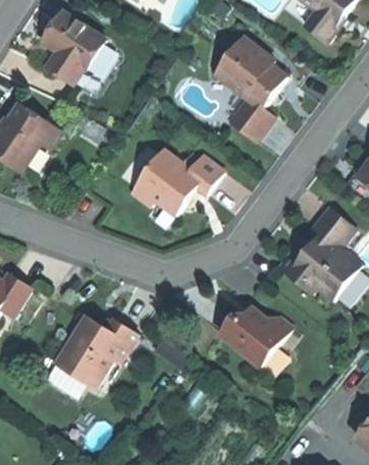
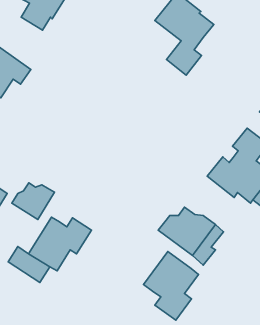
building: [132,147,224,214] -> none
building: none -> [12,183,55,219]
building: none -> [144,251,199,320]

